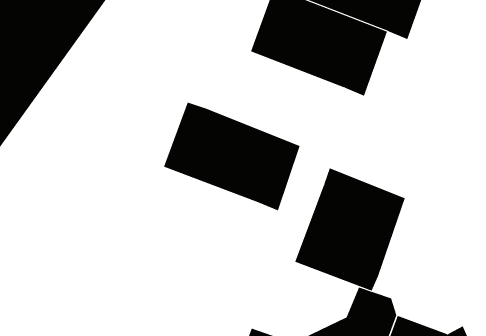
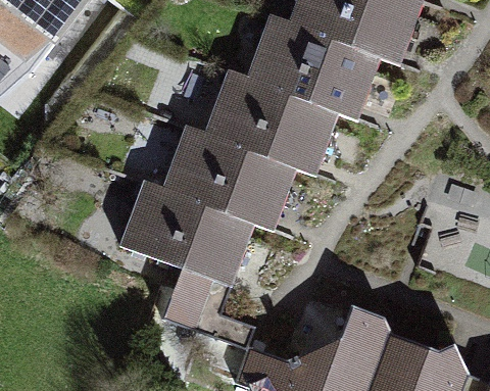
building: none -> [203,69,338,176]
building: none -> [119,183,253,286]
building: [295,168,406,291] -> none

